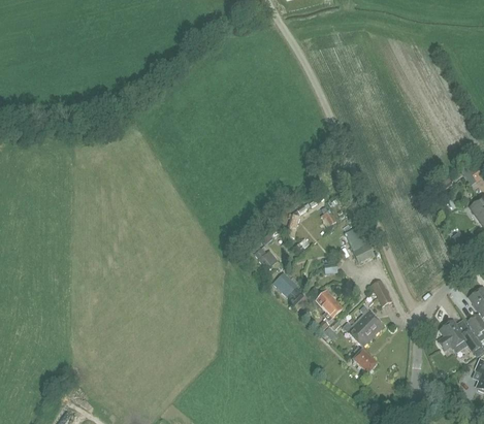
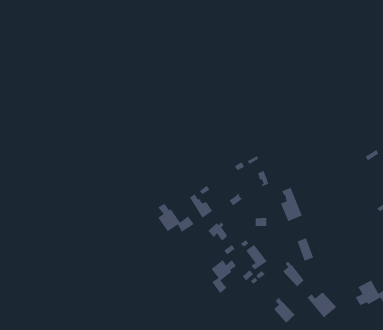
building: none -> [157,203,195,233]
building: none -> [210,259,237,294]
building: [342,318,376,347] -> [307,291,337,318]

